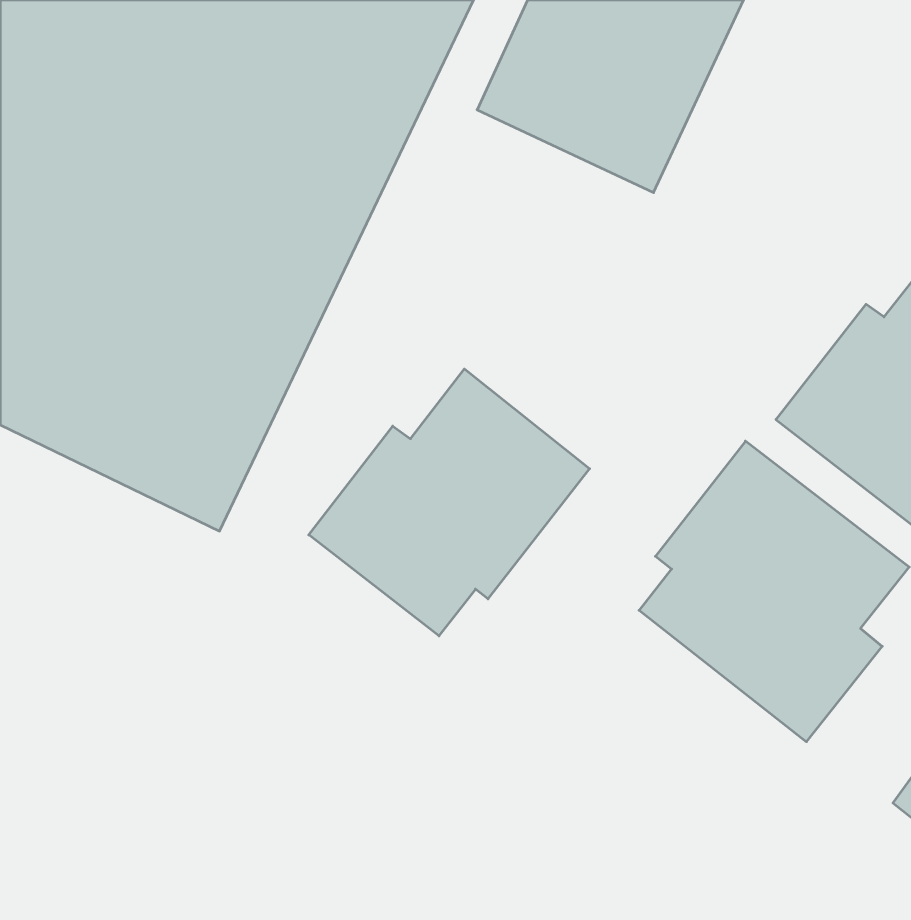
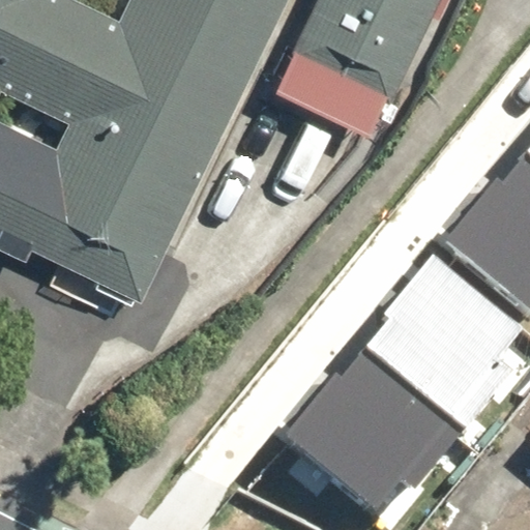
building: [309,369,590,636] -> none
building: none -> [286,357,464,513]

